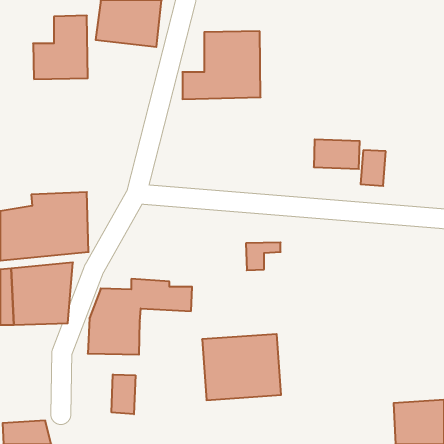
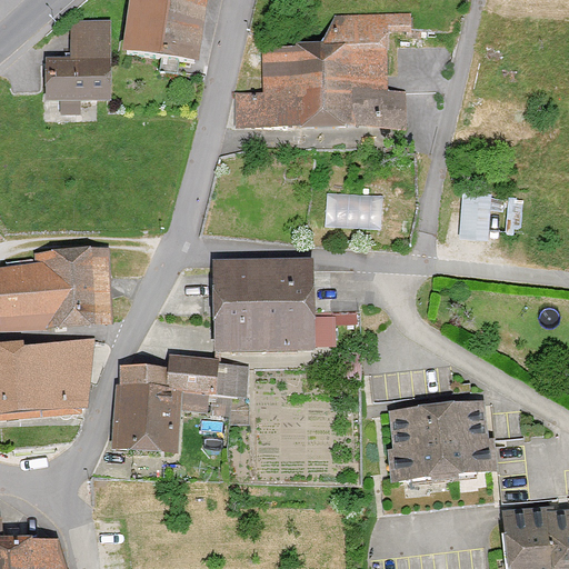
building: none -> [331,12,413,127]
building: [314,139,360,169] -> [328,189,387,227]
building: none -> [211,260,312,355]
building: [202,334,281,400] -> [387,402,488,487]
building: [112,374,135,414] -> none

